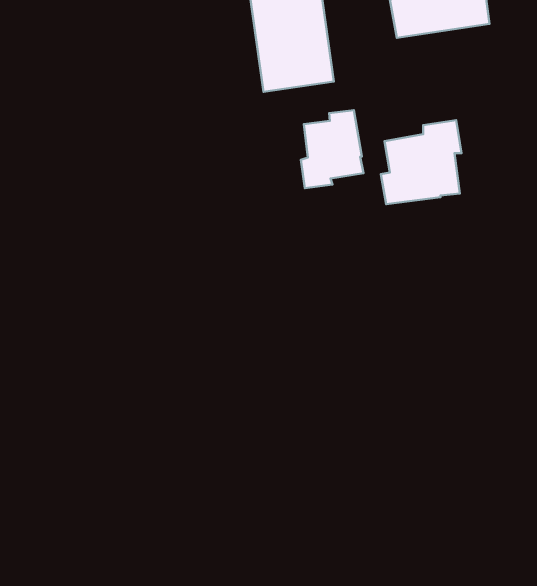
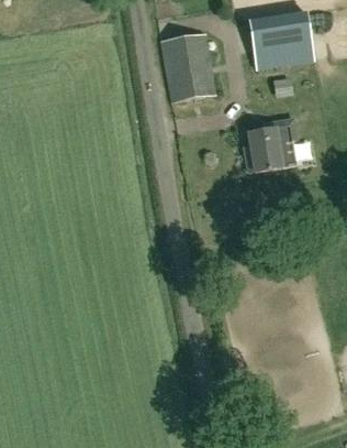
building: [301,110,364,188] -> none

